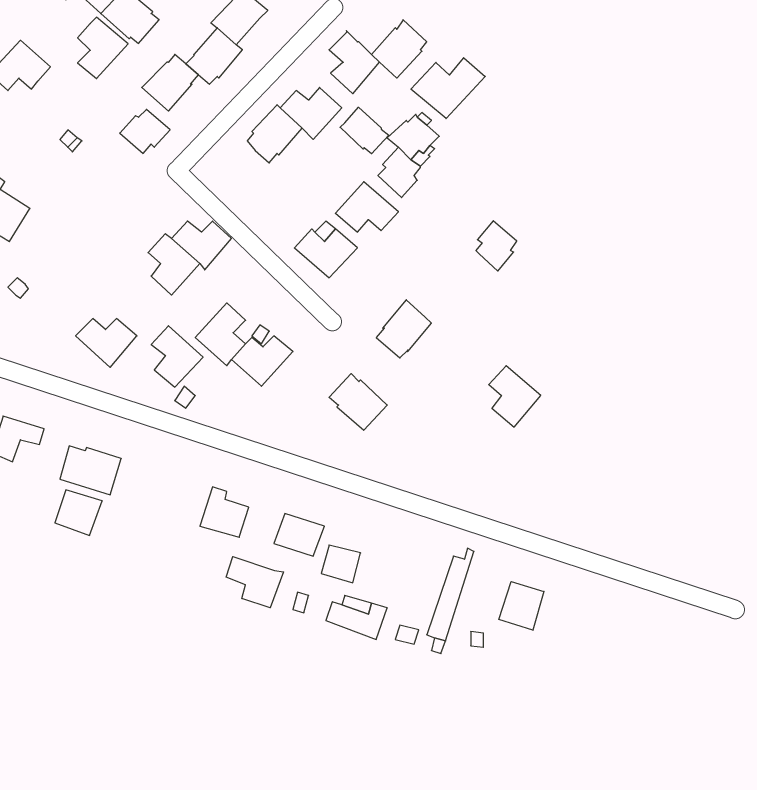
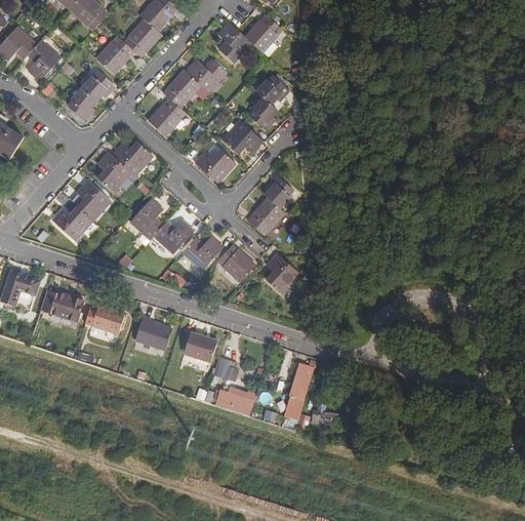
building: [78,17,128,79] -> [28,40,60,80]
building: [411,58,485,119] -> none
building: [340,107,389,154] -> none
building: none -> [68,87,96,120]
building: none -> [148,98,185,135]
building: [476,221,517,271] -> [266,174,292,207]
building: [151,326,203,387] -> [77,179,111,219]
building: none -> [184,236,223,269]
building: [489,366,541,427] -> [267,253,300,293]
building: [55,490,102,535] -> [92,307,123,336]
building: [226,557,284,608] -> none
building: [499,582,544,630] -> none

